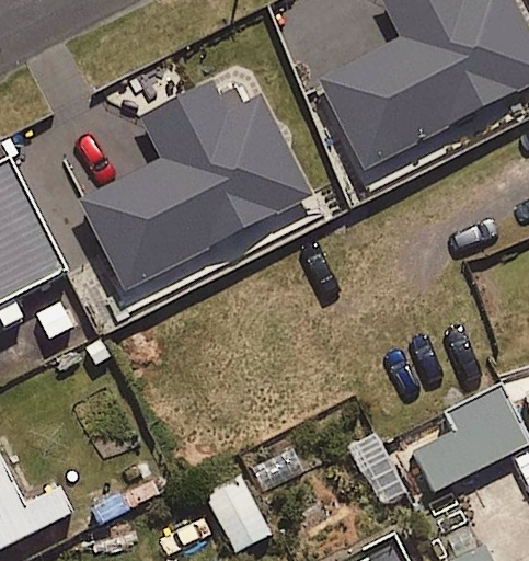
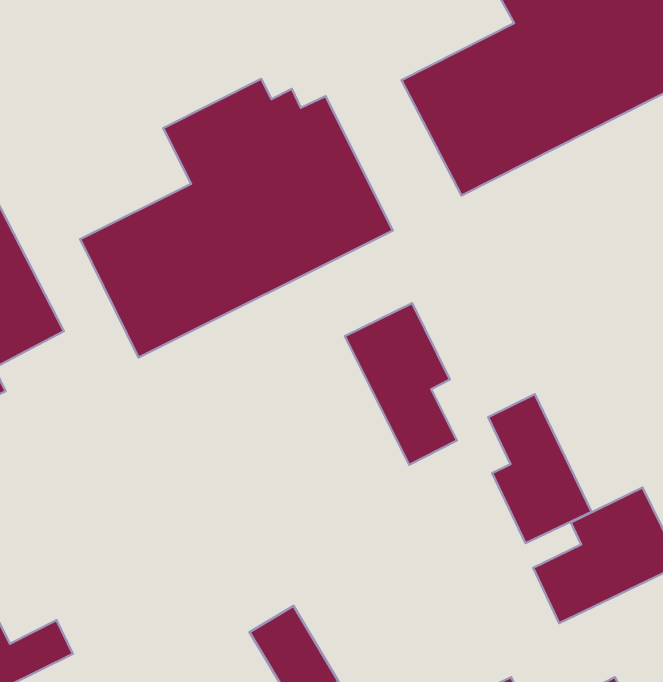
building: none -> [345,303,457,465]
building: none -> [488,394,592,543]

